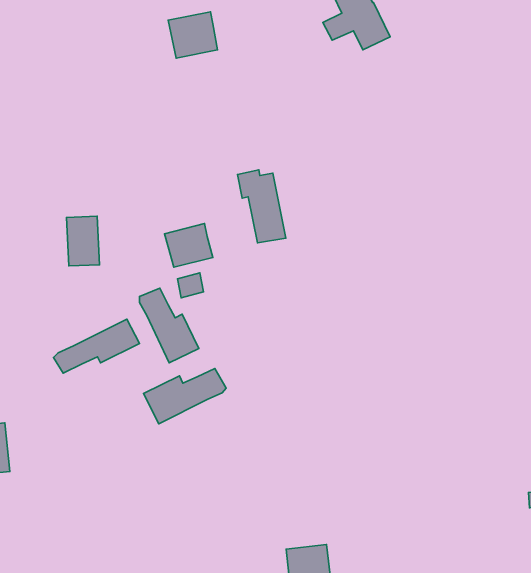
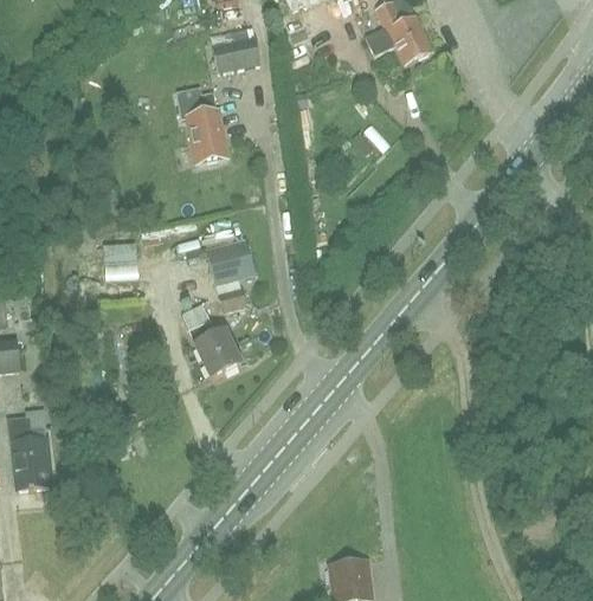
building: [238,170,286,243] -> [178,88,226,161]
building: [54,319,139,373] -> none
building: [144,369,226,424] -> none

